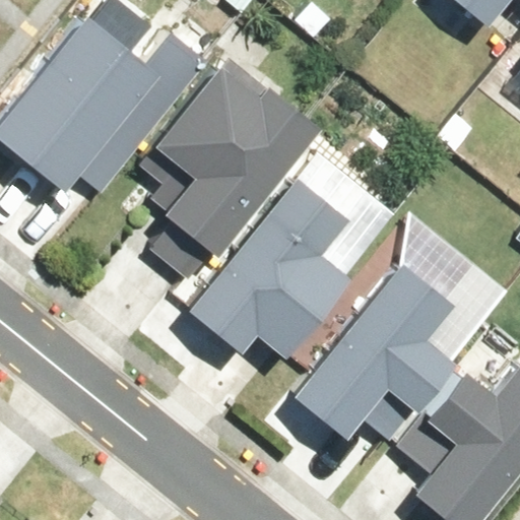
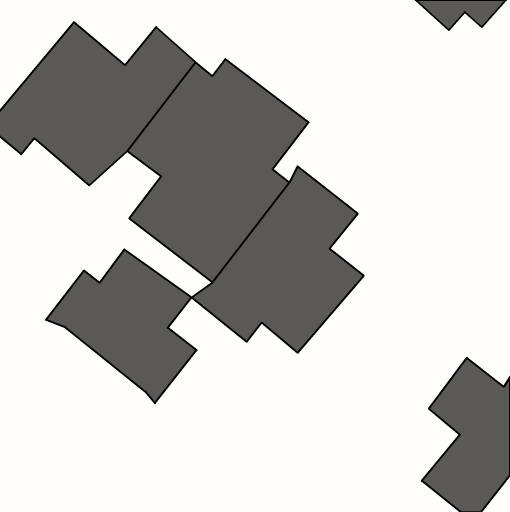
building: none -> [46,249,197,403]
building: [314,259,473,434] -> none

